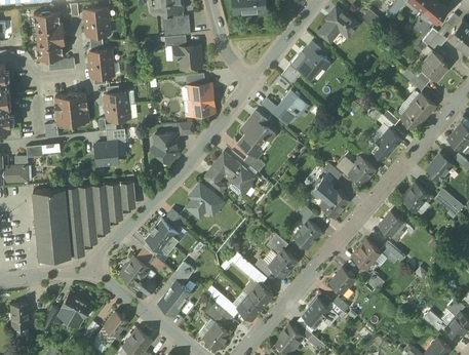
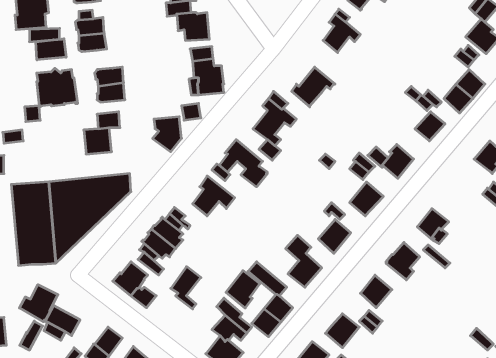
building: none -> [36,39,66,60]
building: [401,183,429,210] -> none
building: none -> [19,285,58,322]
building: [158,285,187,317] -> [226,271,260,308]

